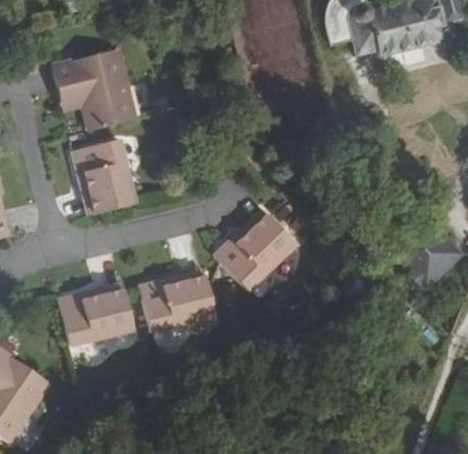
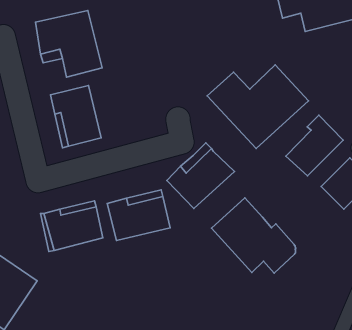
building: none -> [207,65,308,149]
building: none -> [286,115,343,176]
building: none -> [211,198,296,273]

